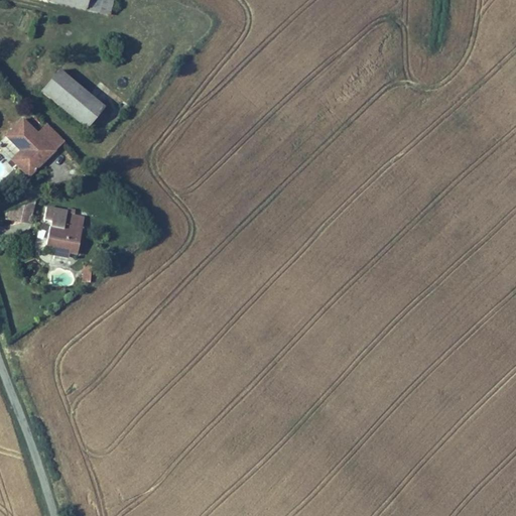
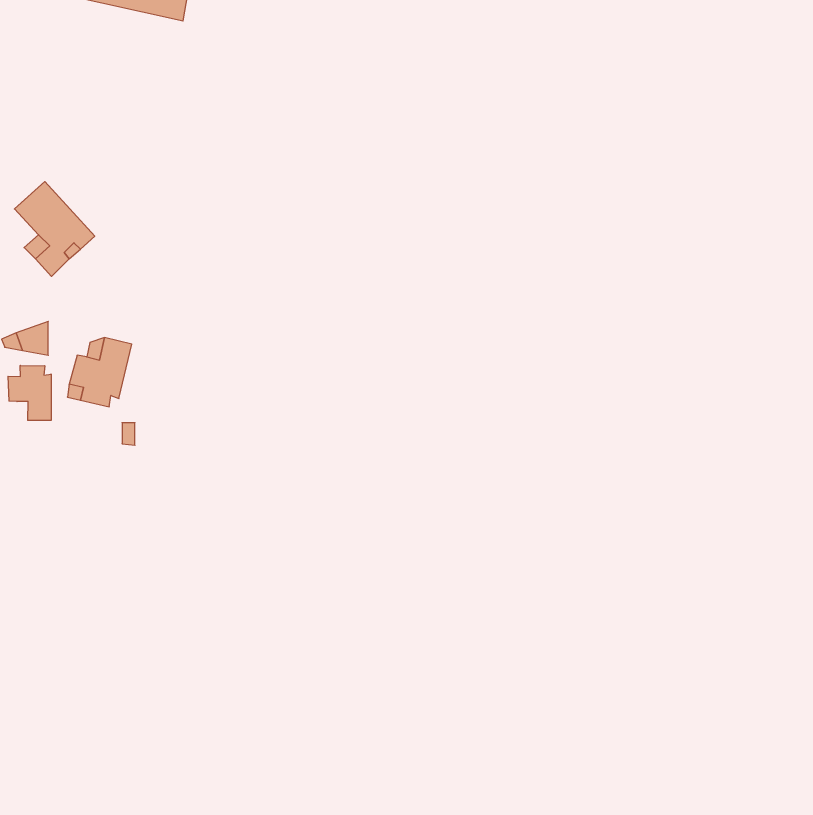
building: [45,67,107,124] -> none
building: none -> [8,365,51,420]

